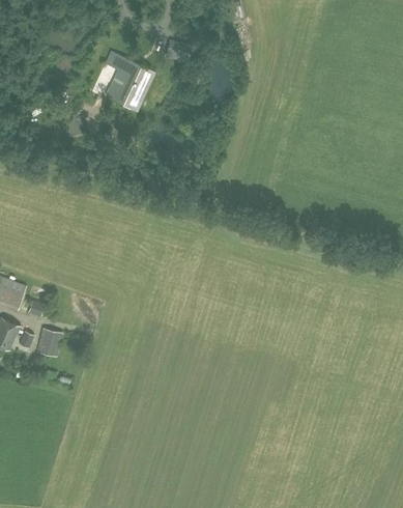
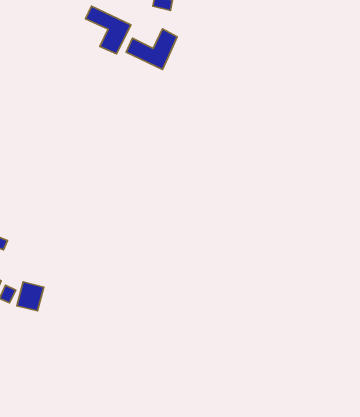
building: none -> [126,29,177,69]

